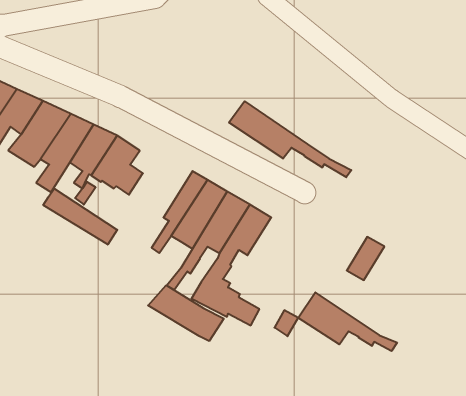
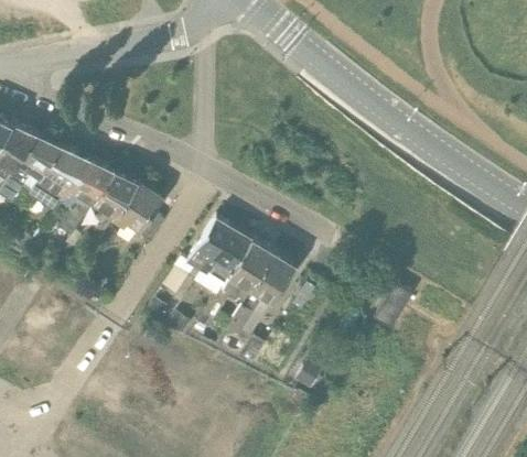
building: [229,101,351,177] -> none
building: [43,189,117,245] -> none
building: [148,285,224,341] -> none
building: [298,292,397,351] -> none

